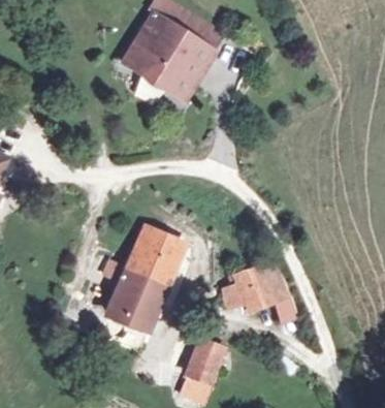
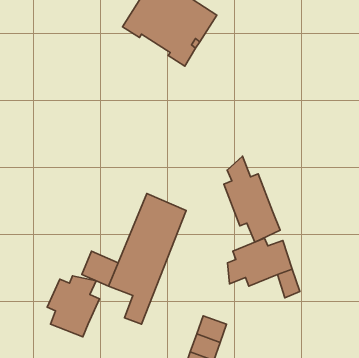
building: none -> [224,156,280,242]
building: none -> [47,276,100,337]

